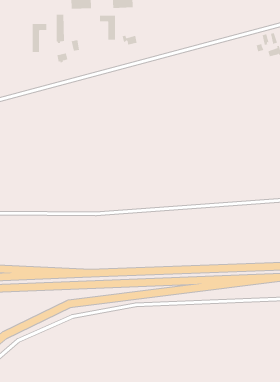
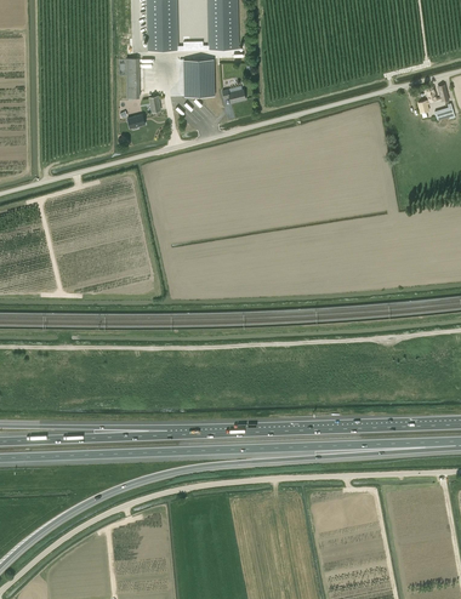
building: [32,23,47,53] -> none

